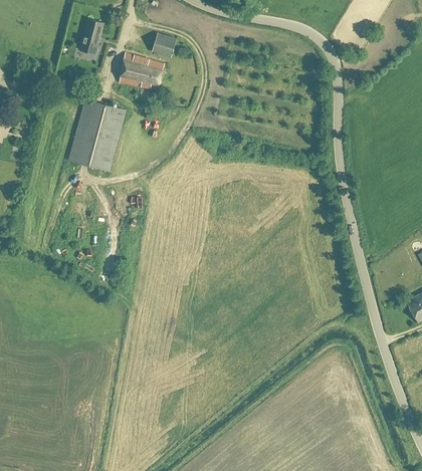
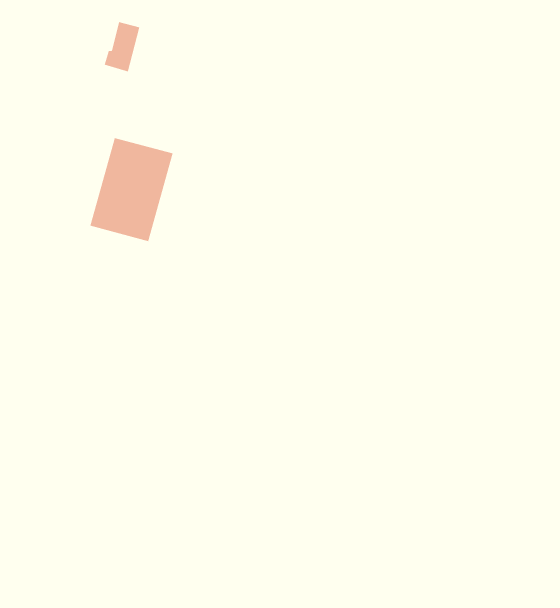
building: [150,32,174,56] -> none
building: [118,53,163,89] -> none

